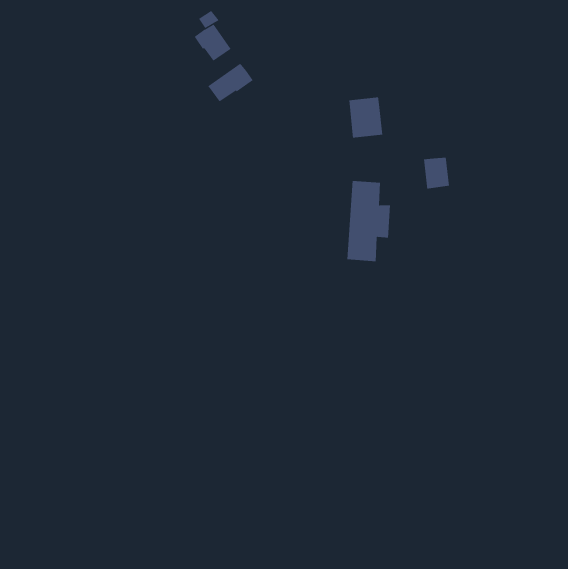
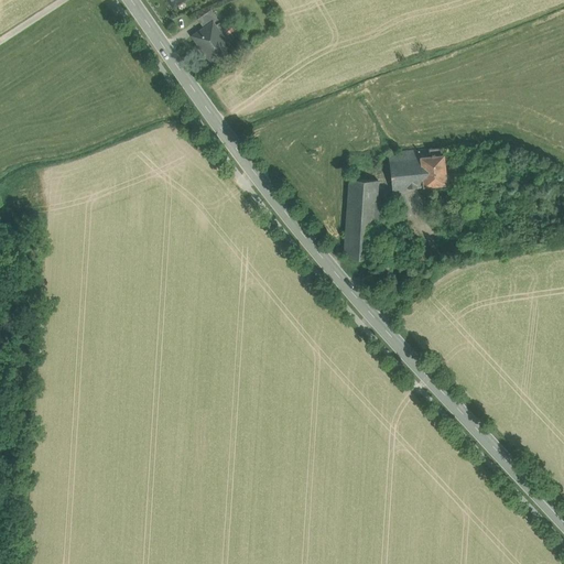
building: [207,63,253,104] -> none
building: [349,97,383,138] -> [388,150,422,191]

